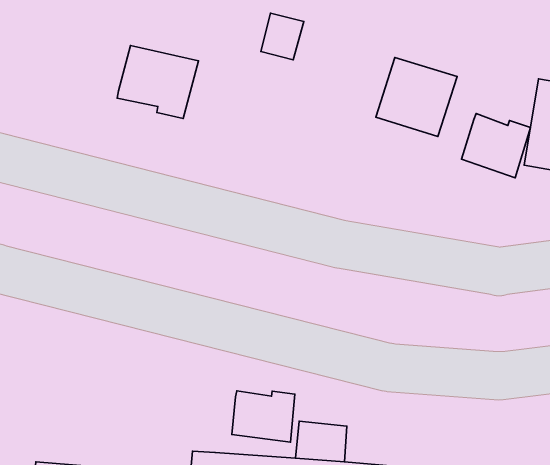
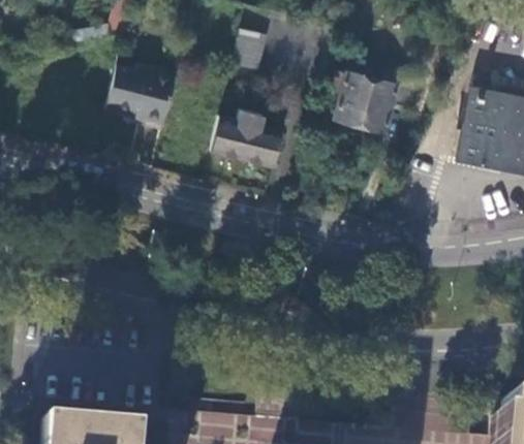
building: none -> [210,109,282,168]
building: [462,114,530,178] -> none
building: [232,391,295,442] -> none

